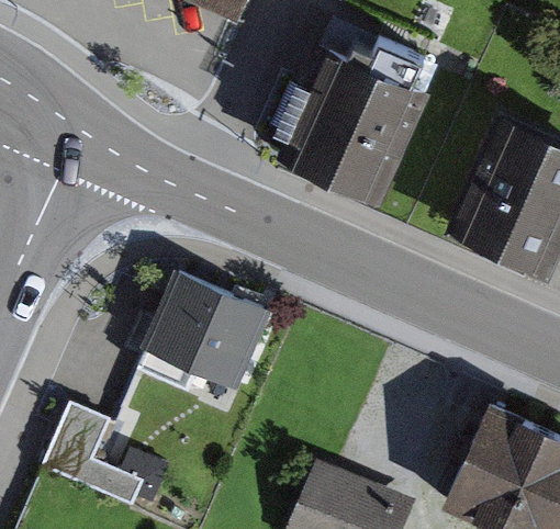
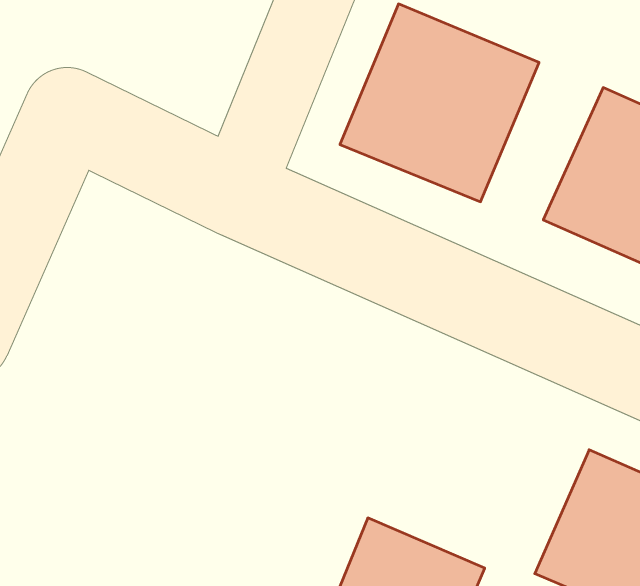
building: [134,266,270,390] -> none
building: [48,406,142,505] -> none

